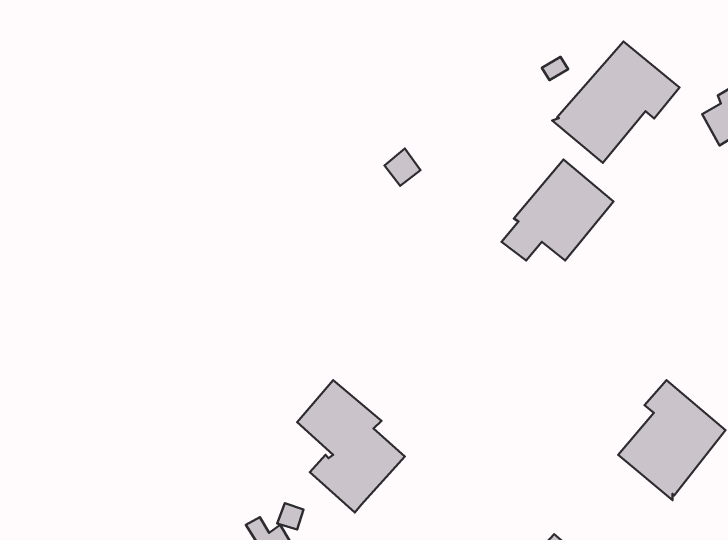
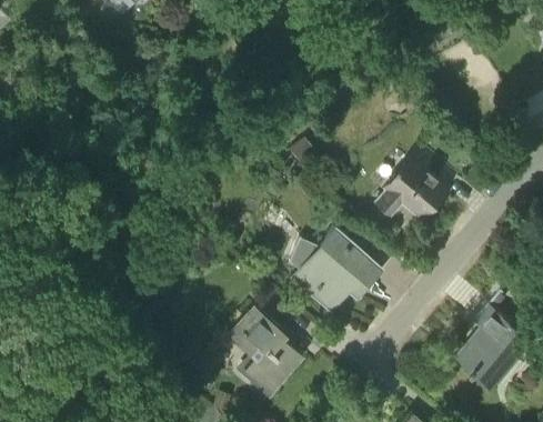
building: [552,41,679,163] -> none
building: none -> [289,229,380,310]

